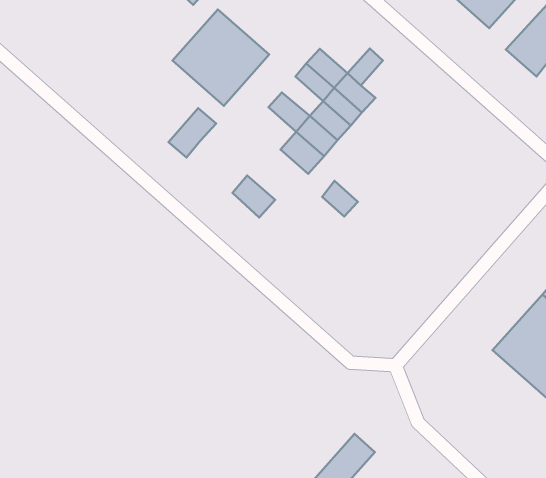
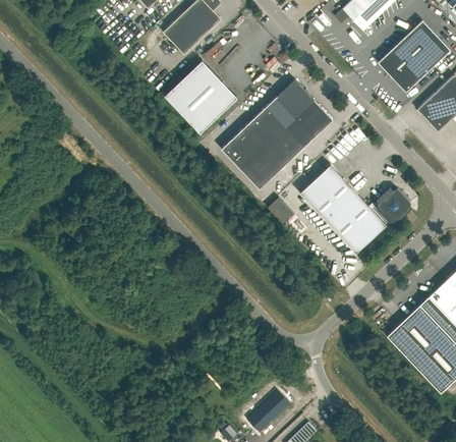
building: none -> [276,78,314,116]
building: none -> [304,109,333,136]
building: none -> [244,115,275,146]
building: [168,108,216,157] -> none
building: none -> [299,164,410,253]
building: [233,175,275,217] -> [221,136,252,169]

